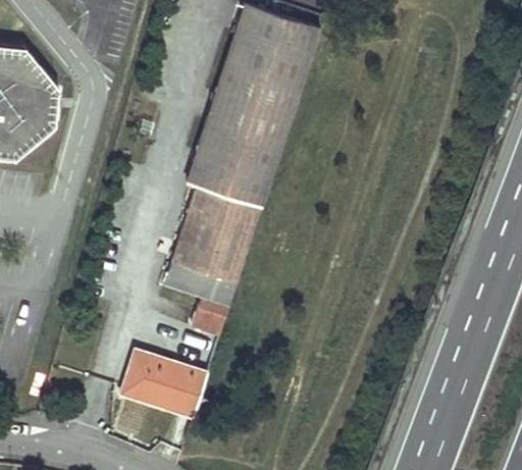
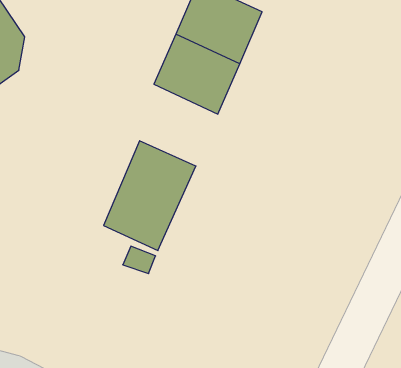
building: [185,124,279,211] -> none
building: [118,349,207,418] -> none

